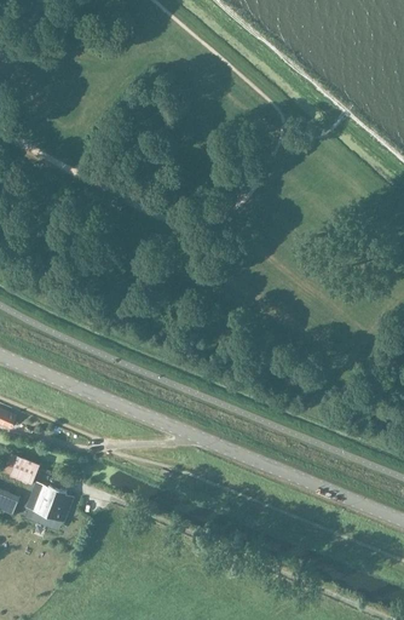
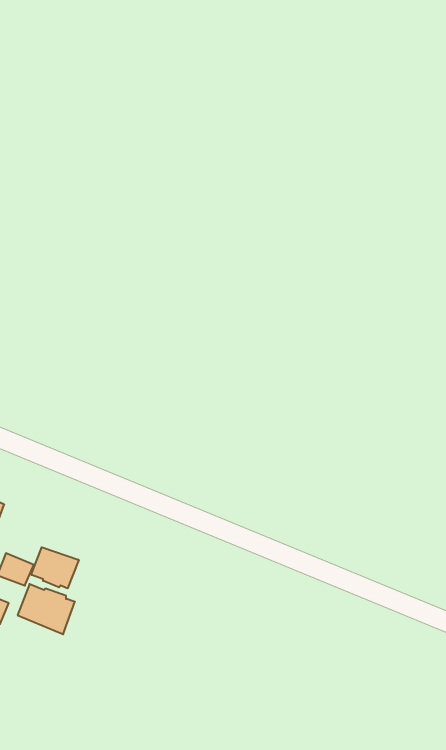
building: none -> [31,547,79,588]

